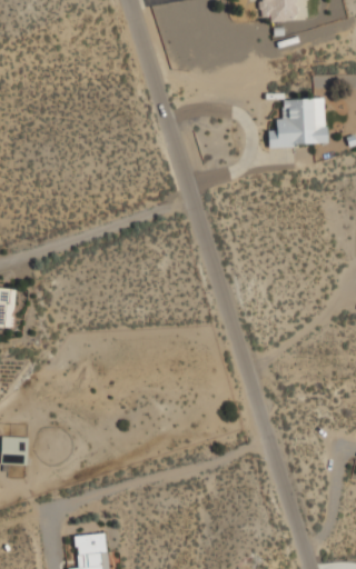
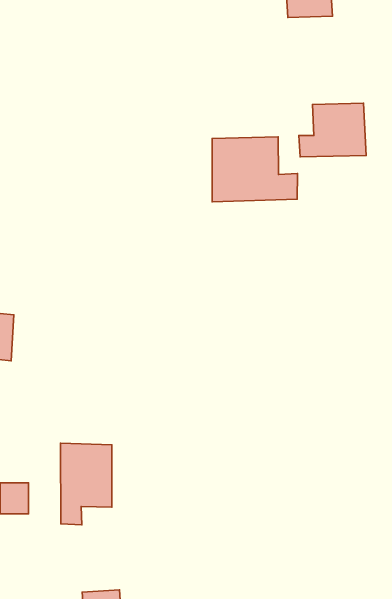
building: none -> [212,137,298,202]
building: none -> [60,443,112,525]

